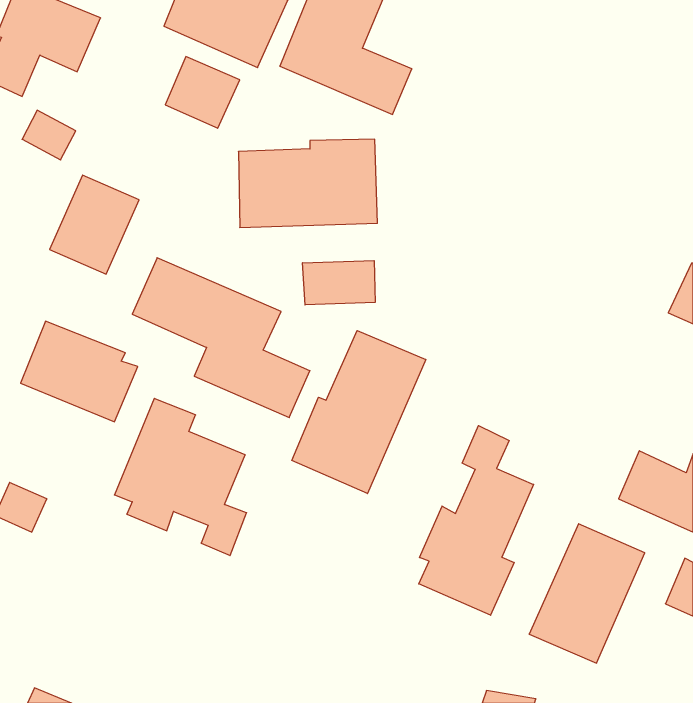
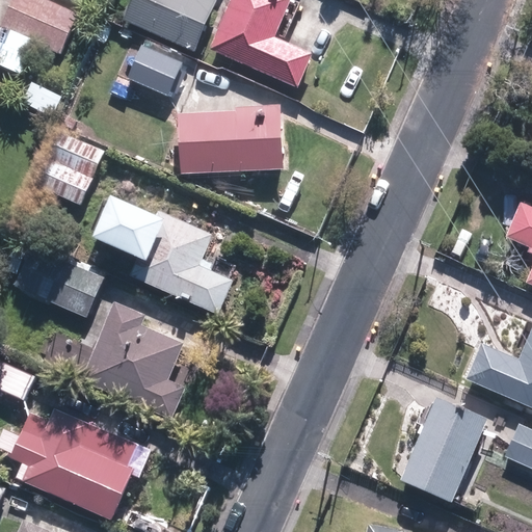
building: [303,261,375,305] -> none
building: [292,331,426,494] -> none
building: [419,426,534,615] -> none
building: none -> [12,410,132,517]

